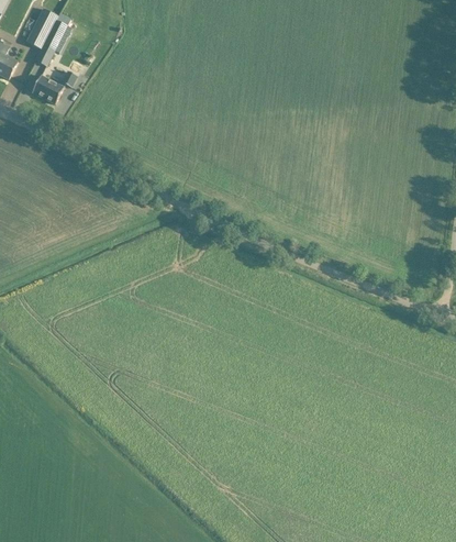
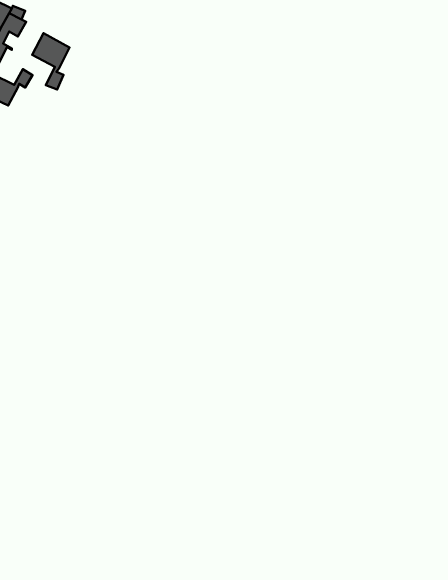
building: none -> [32,33,69,89]

